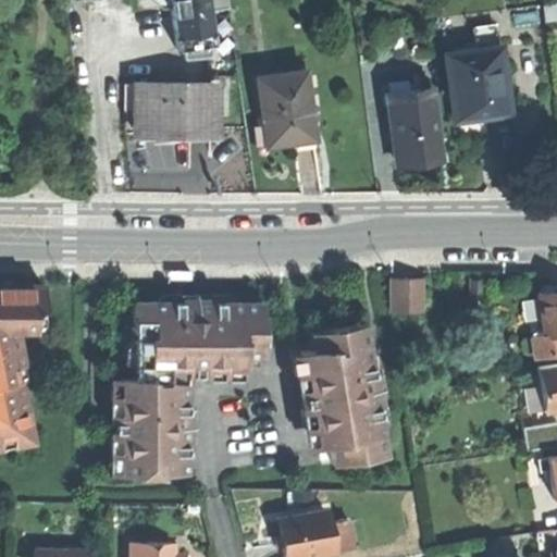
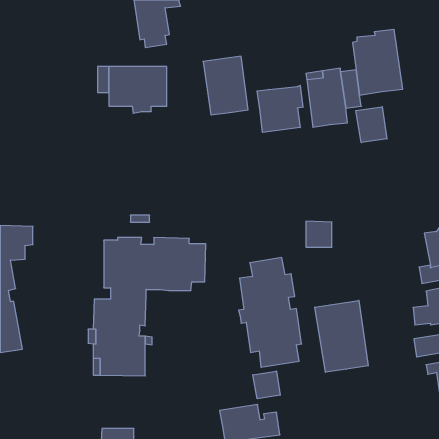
building: none -> [257,85,303,132]
building: none -> [356,107,387,143]
building: none -> [315,300,368,372]
building: none -> [253,371,280,399]

